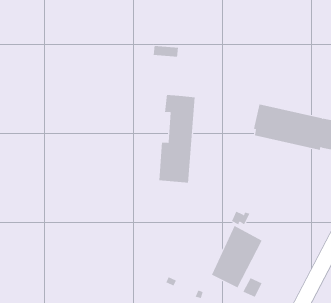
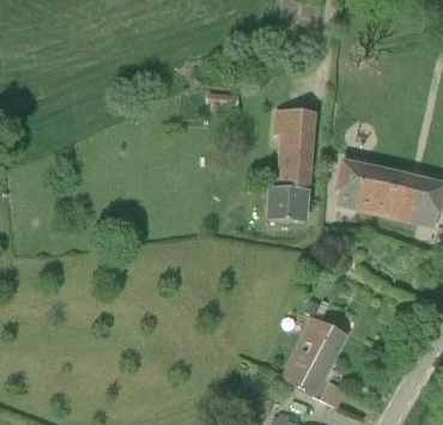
building: [158,94,196,183] -> [268,110,315,221]

